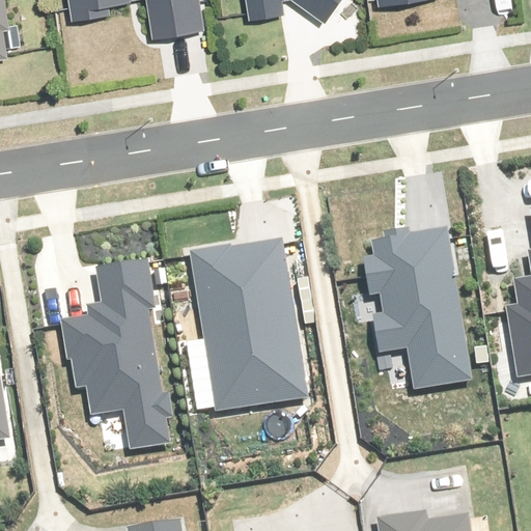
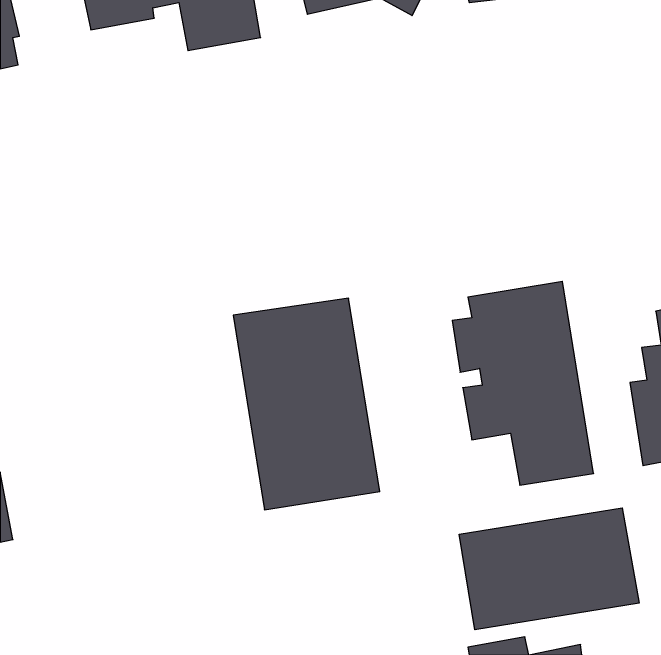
building: [64,261,172,447] -> none
building: none -> [459,508,639,630]

